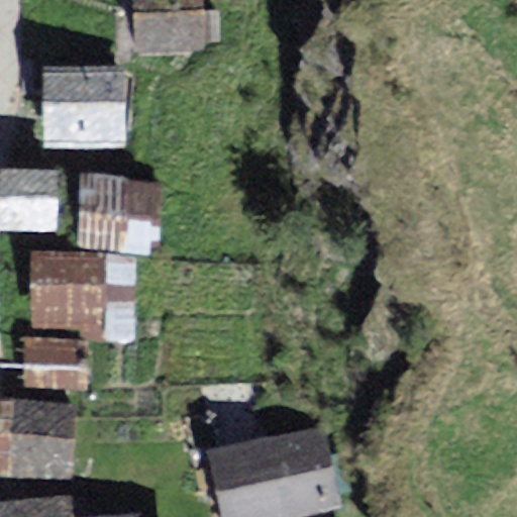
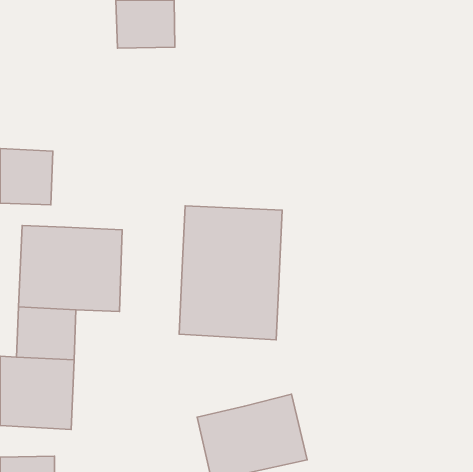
building: [46,75,125,145] -> none
building: [71,180,157,253] -> none
building: none -> [179,206,282,340]

